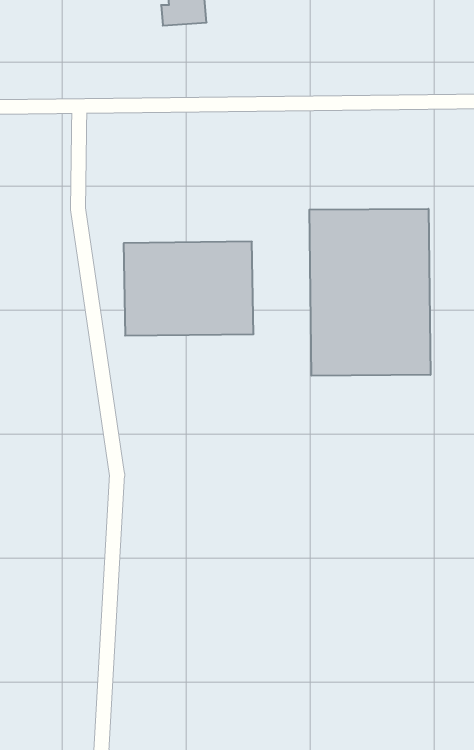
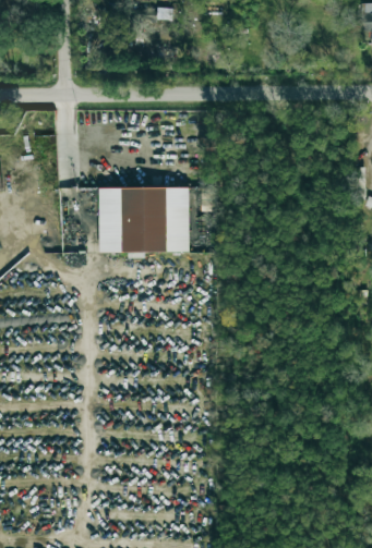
building: [309,209,430,376] -> none

